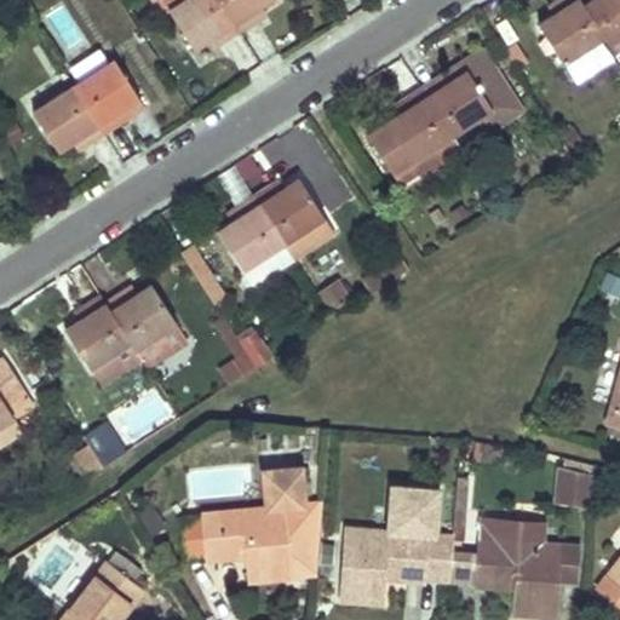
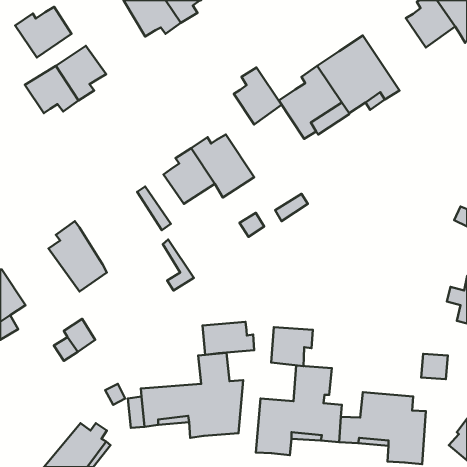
building: none -> [15,7,71,57]
building: none -> [234,68,282,125]
building: [105,283,189,369] -> none
building: none -> [203,322,254,355]
building: none -> [271,327,313,366]

